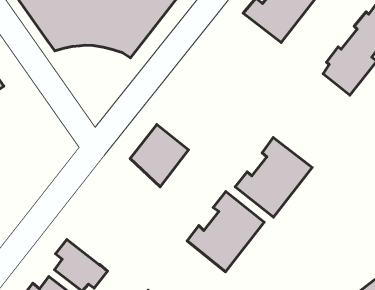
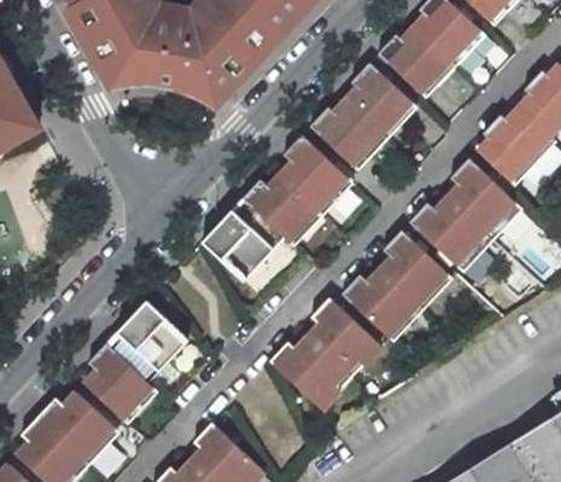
building: none -> [308,64,415,173]
building: none -> [244,137,350,246]
building: none -> [409,158,519,269]
building: none -> [106,300,188,383]

